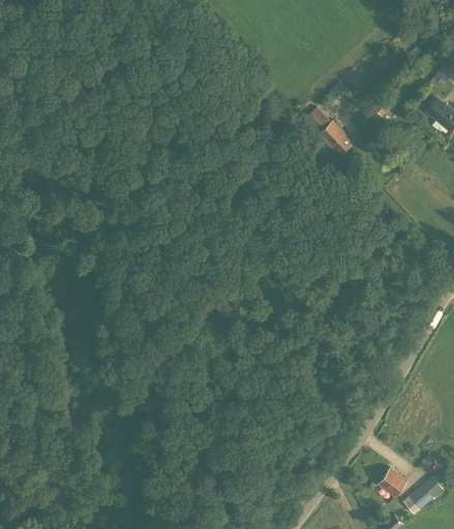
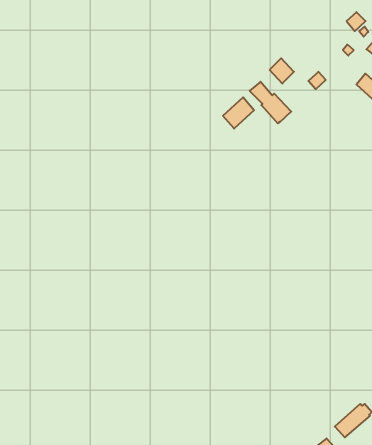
building: none -> [223,97,254,129]
building: [377,468,406,496] -> none

